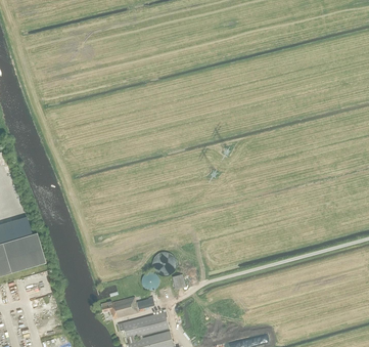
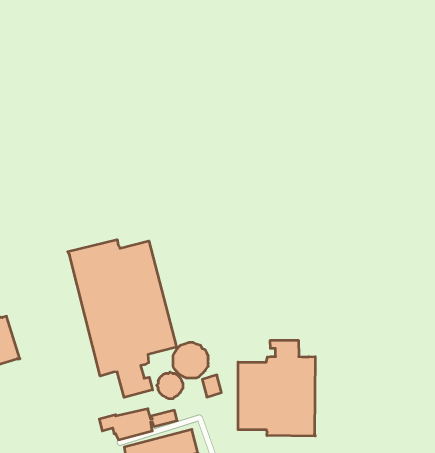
building: none -> [68,240,177,397]
building: none -> [238,340,315,436]

